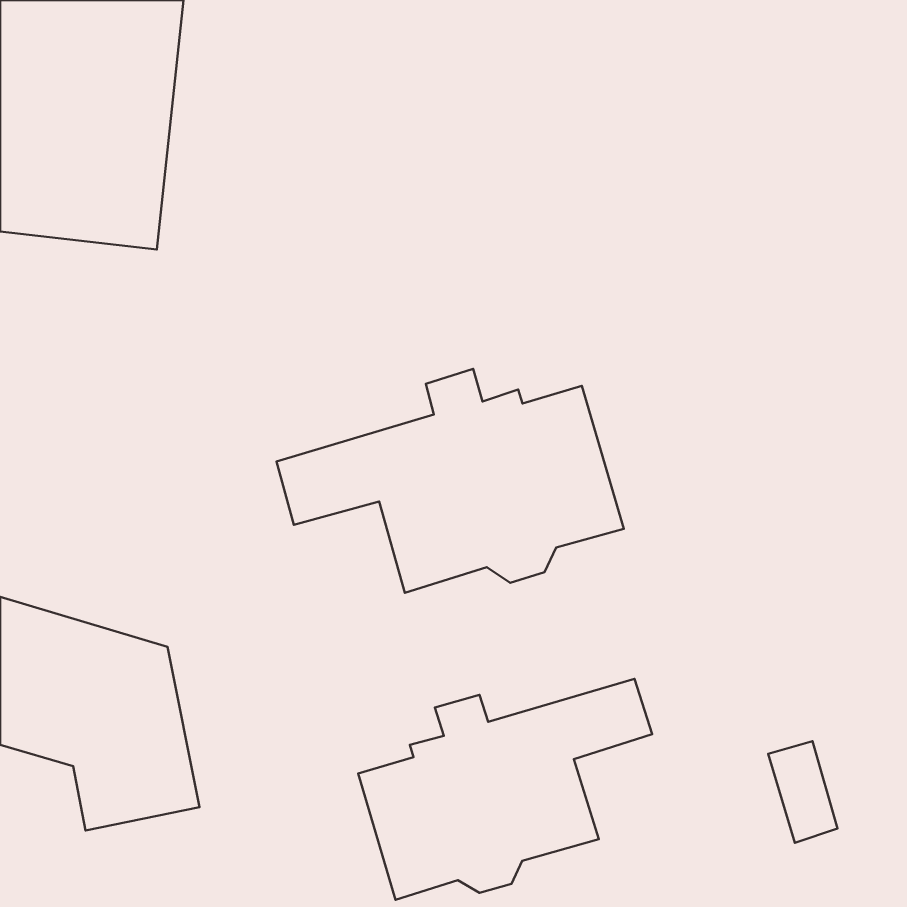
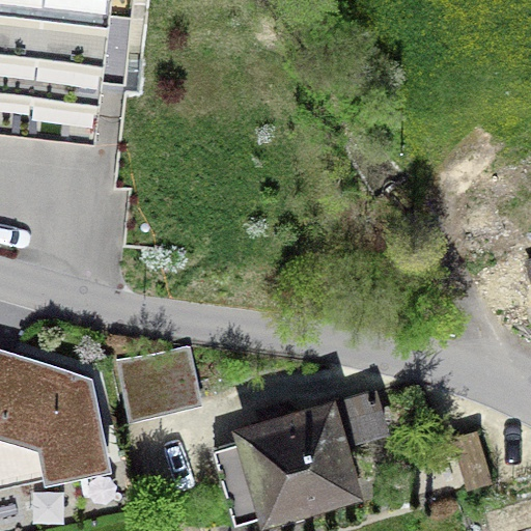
building: [277,369,624,593] -> none
building: none -> [115,351,197,420]

